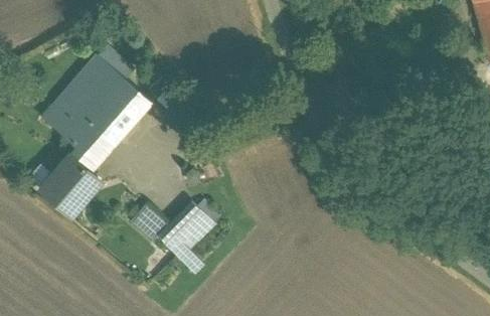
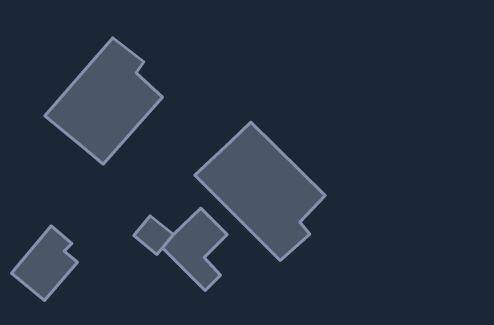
building: none -> [195,122,325,261]
building: [45,145,106,213] -> [11,226,77,301]

